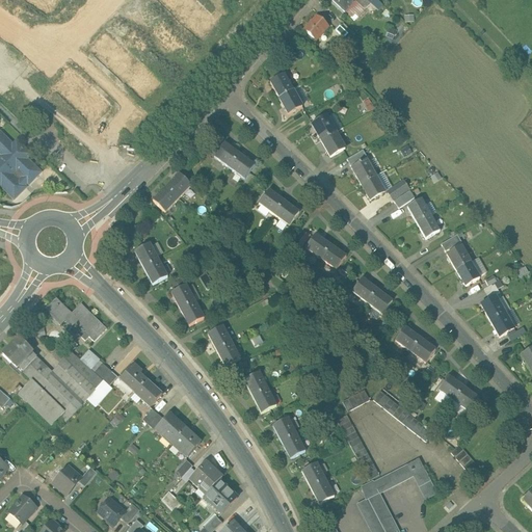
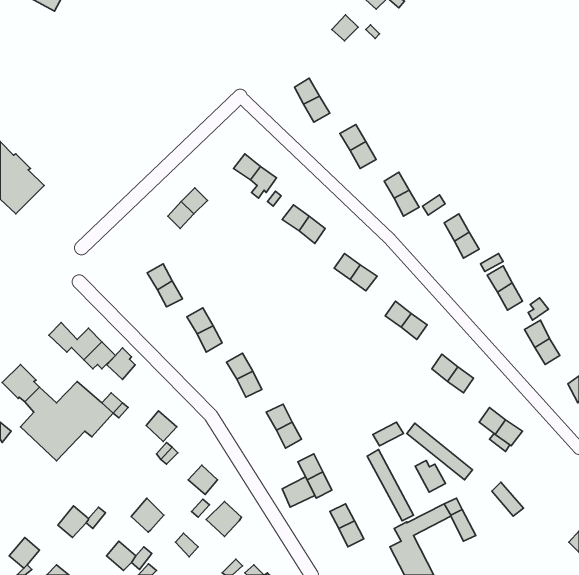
building: [119,362,145,391] -> [107,348,135,380]
building: [155,411,185,443] -> [131,498,164,532]
building: none -> [415,460,445,492]
building: none -> [282,477,315,507]
building: [204,478,237,512] -> none

